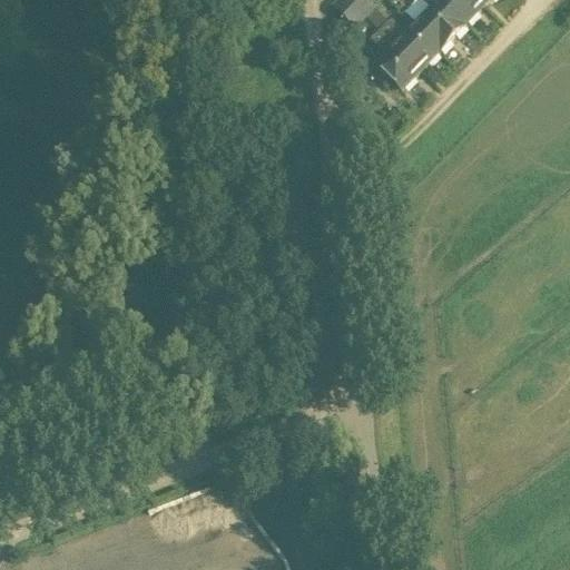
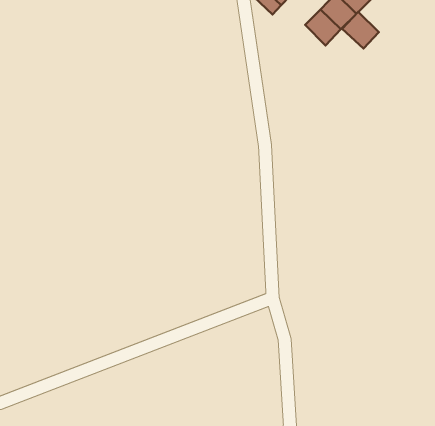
building: [379,32,426,80] -> [342,12,379,49]

